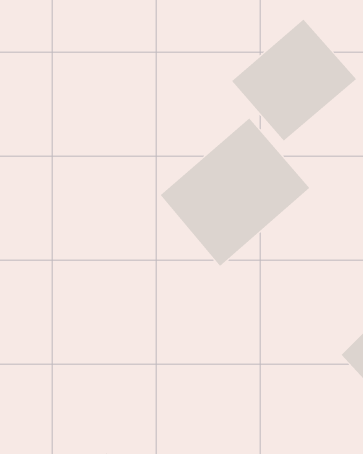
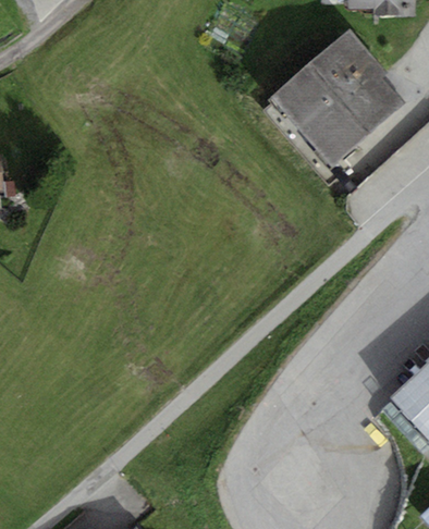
building: [160,117,310,267] -> none

